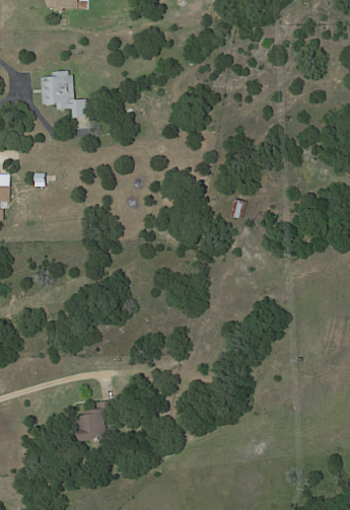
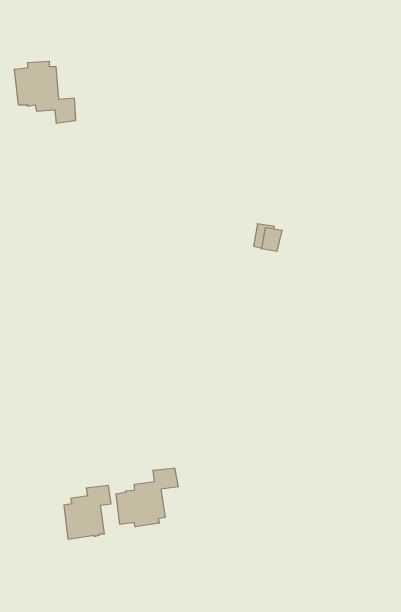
building: none -> [116,468,178,527]

